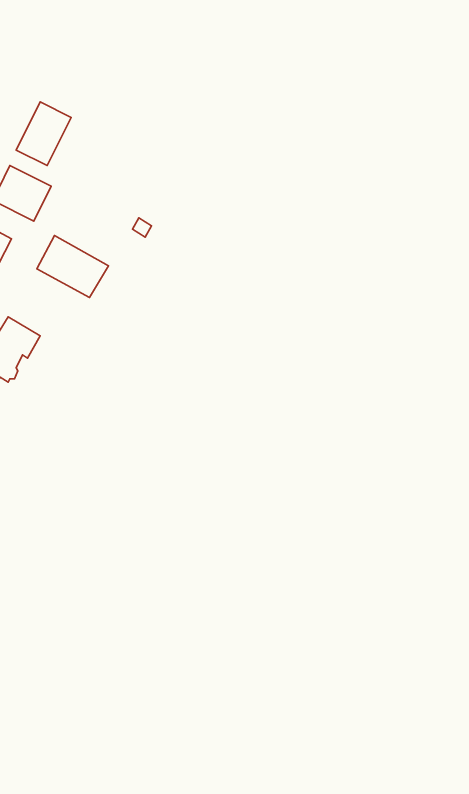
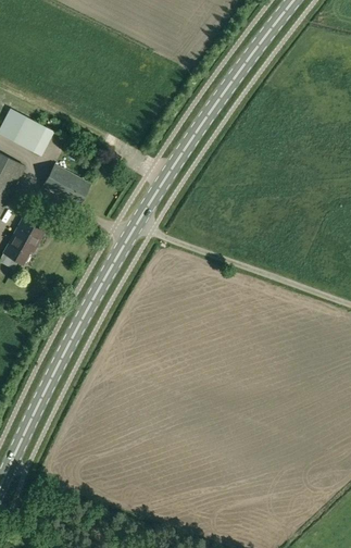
building: [16,102,71,166] -> none

